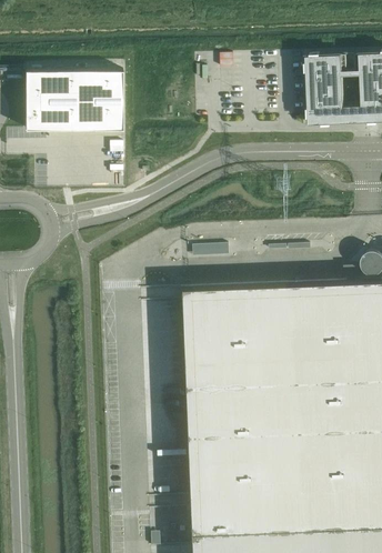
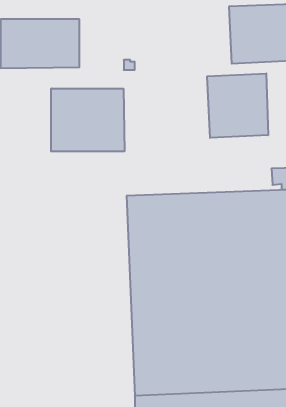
building: none -> [207,73,268,138]
building: none -> [51,88,124,151]

